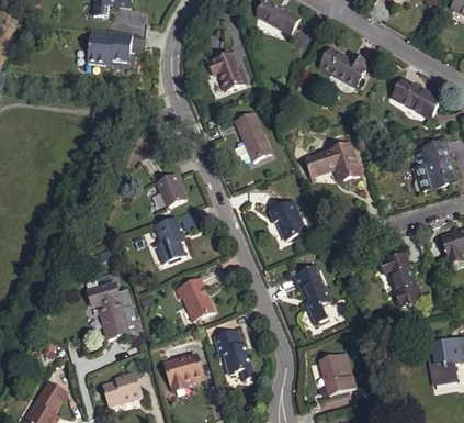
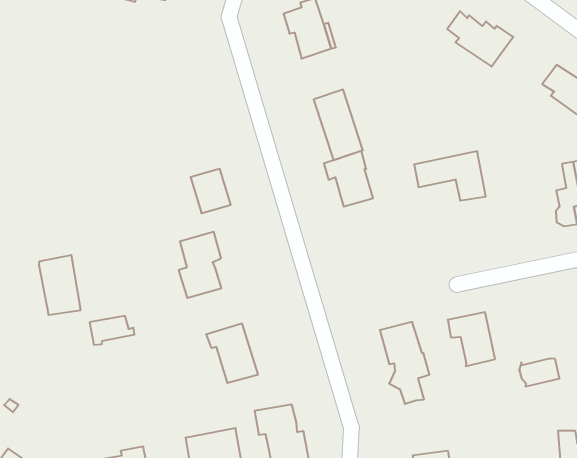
building: [270,200,306,240] -> [324,151,373,207]
building: [380,253,415,291] -> [448,312,495,366]
building: [104,294,136,337] -> [39,255,81,315]

